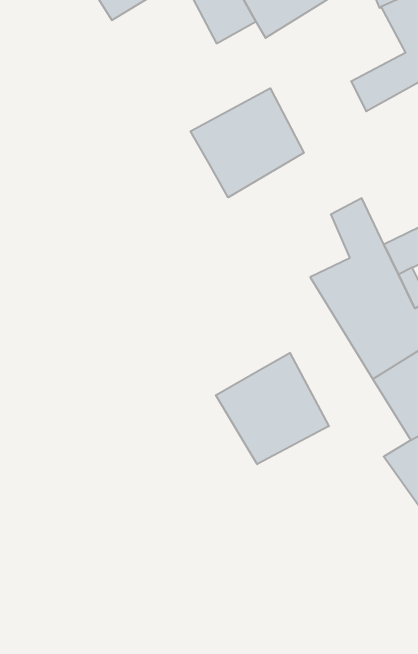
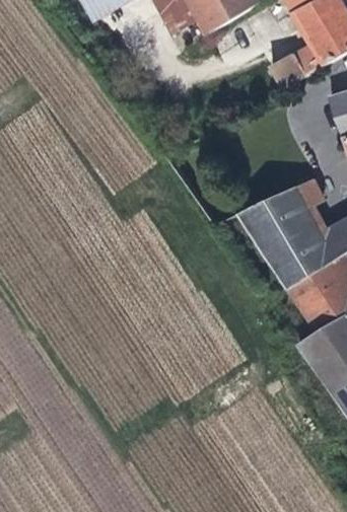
building: [191,88,304,197] -> none
building: [216,353,329,464] -> none

